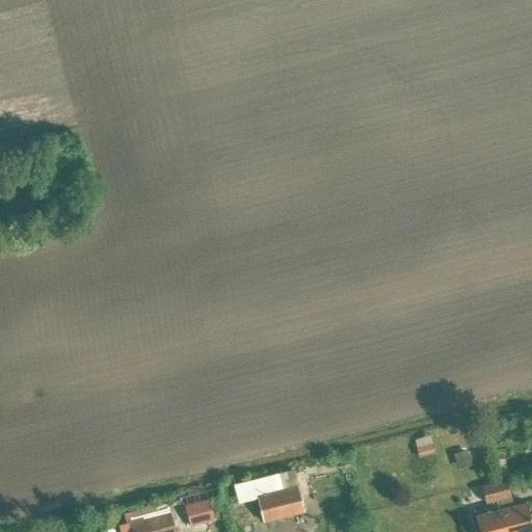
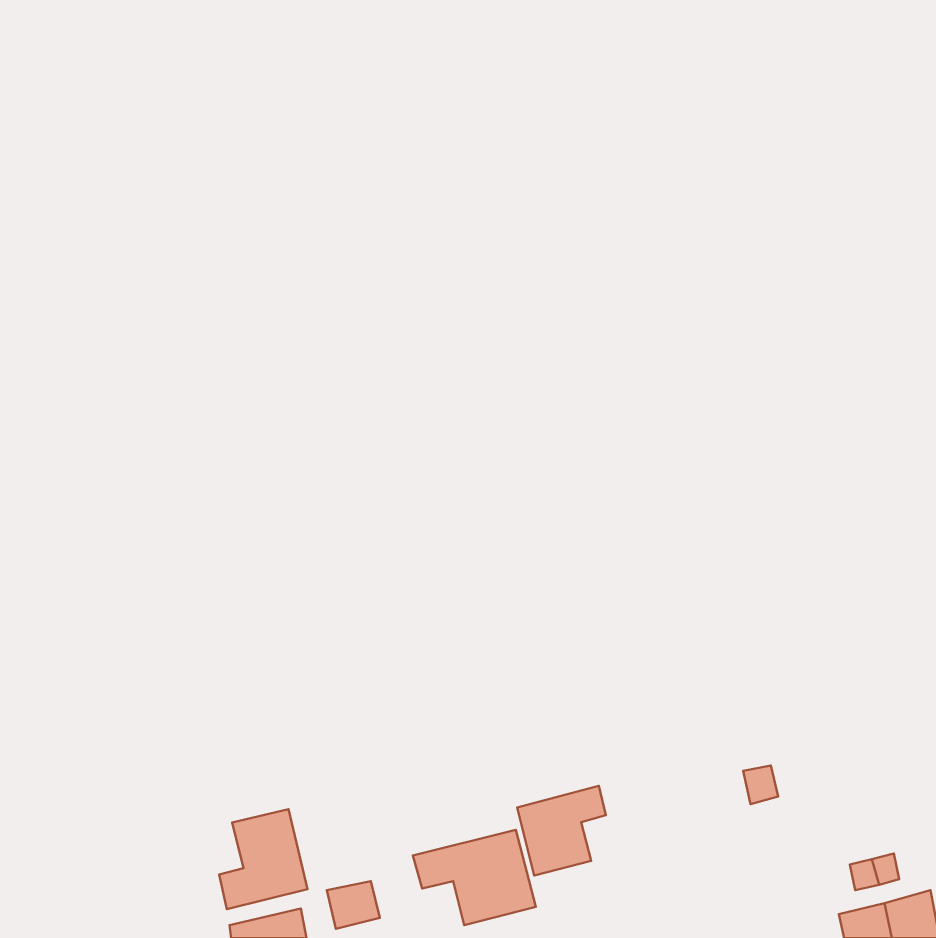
building: none -> [517,786,606,875]
building: none -> [219,809,307,909]

